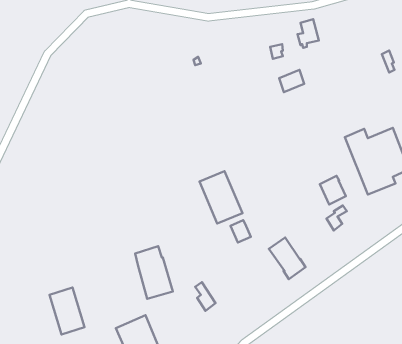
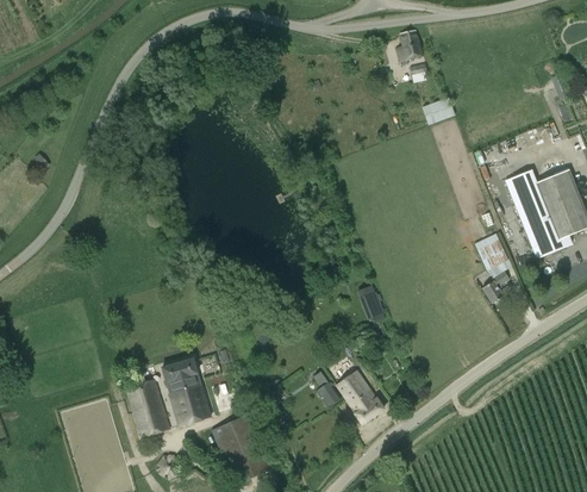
building: [298,19,319,48] -> [395,27,423,64]
building: [199,171,242,223] -> none
building: [269,238,306,279] -> [335,369,382,423]
building: [135,246,173,299] -> [162,357,211,425]

